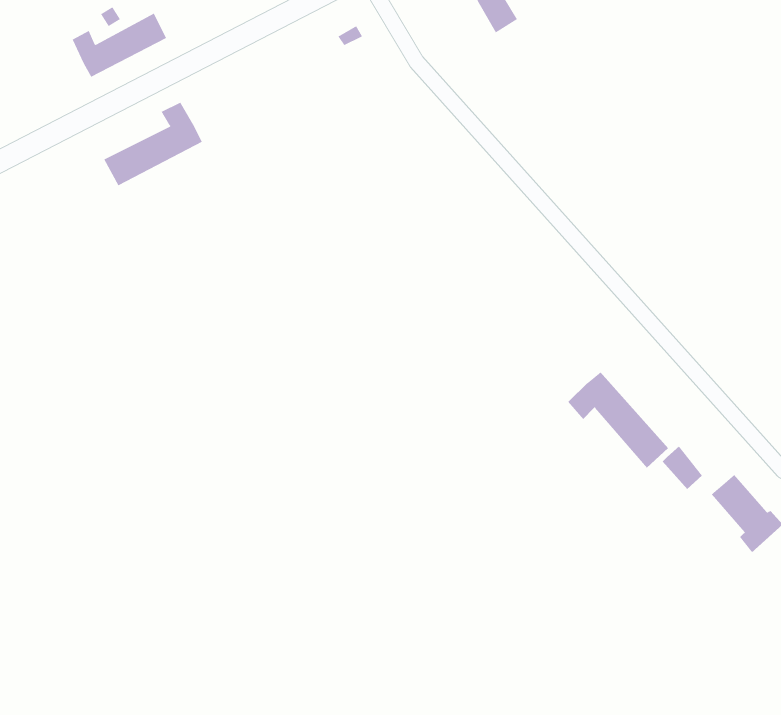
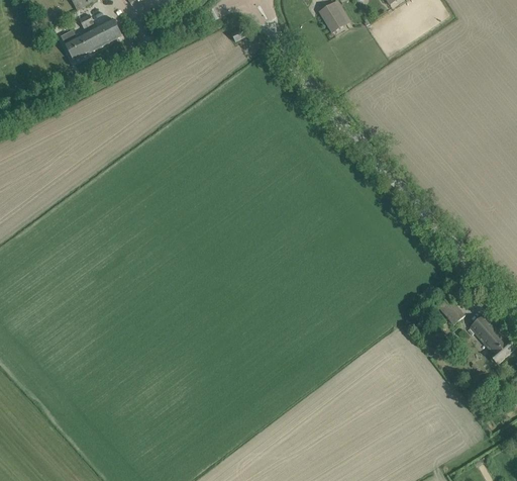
building: [103,102,202,186] -> none
building: [568,371,669,468] -> none

